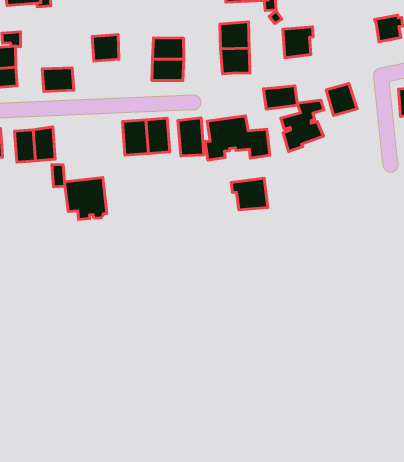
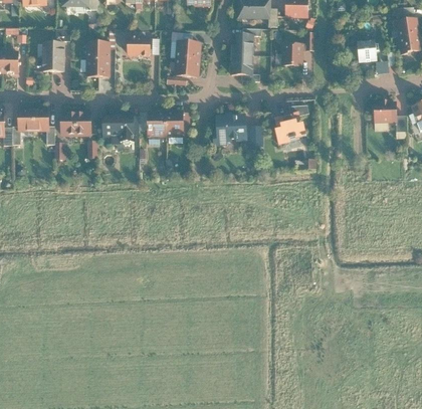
building: none -> [86,42,111,62]
building: [326,84,357,115] -> none
building: [263,86,297,109] -> none
building: [178,118,204,156] -> none
building: [65,178,107,219] -> [102,111,135,143]
building: [231,178,268,210] -> none

